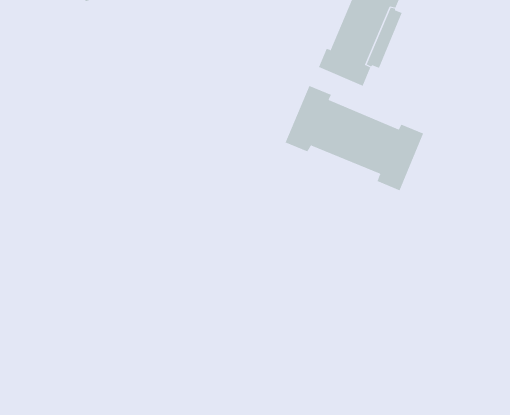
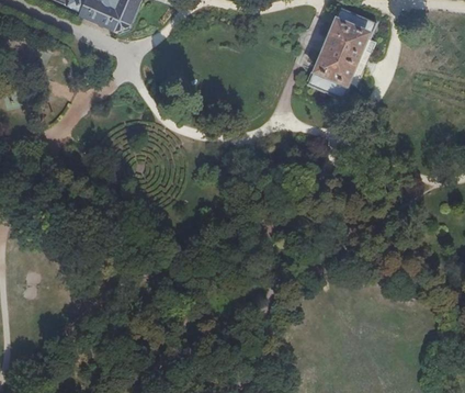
building: [285,85,424,191] -> none

